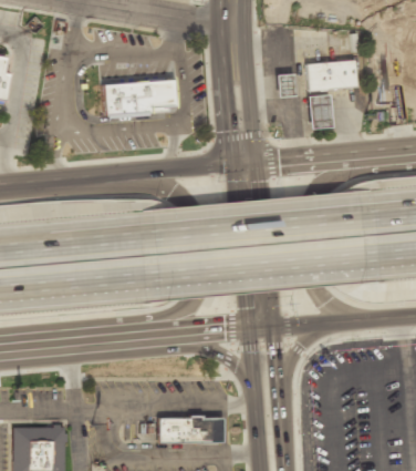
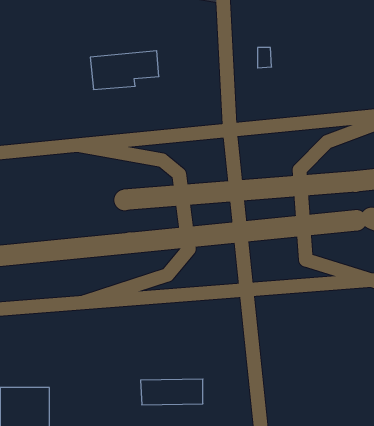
building: [310,58,362,90] -> none
building: [310,94,332,127] -> none

